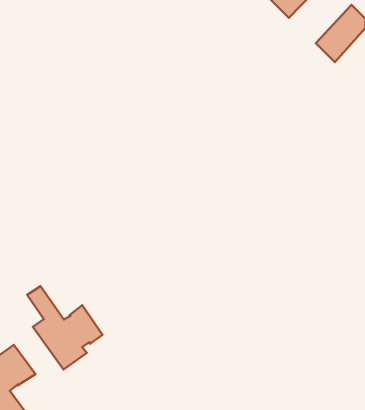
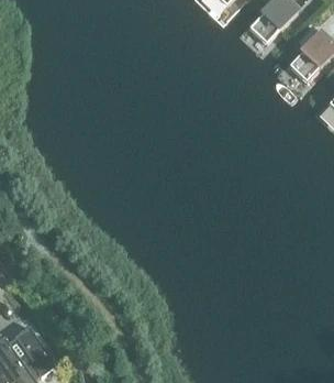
building: [27,286,103,370] -> none

